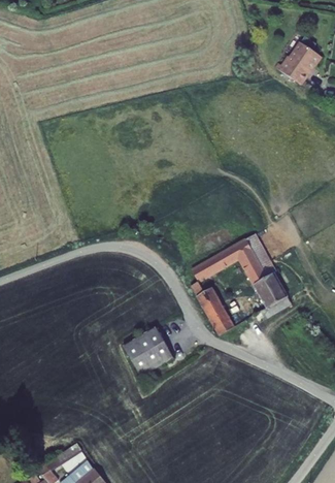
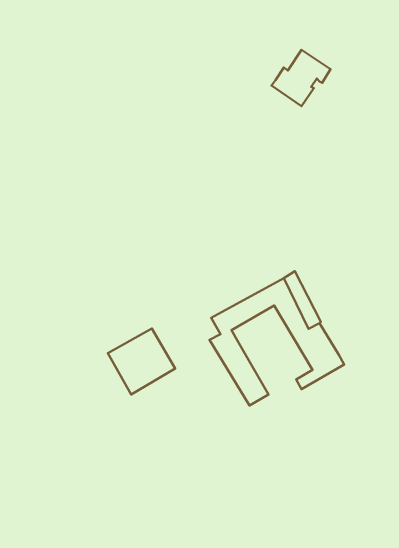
building: [278,42,323,85] -> [271,50,330,106]
building: [124,327,174,377] -> [108,329,175,394]

